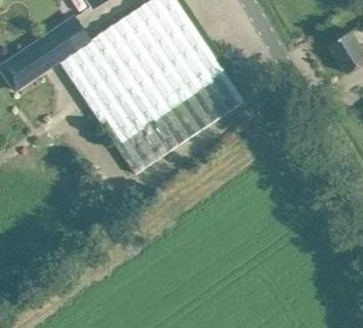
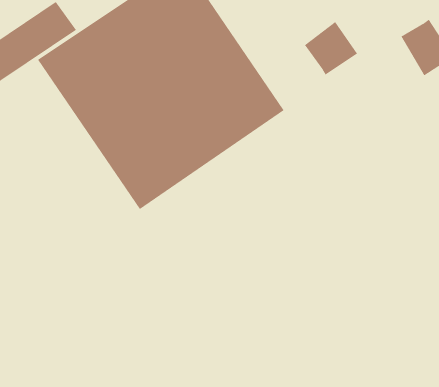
building: none -> [304,21,358,76]

